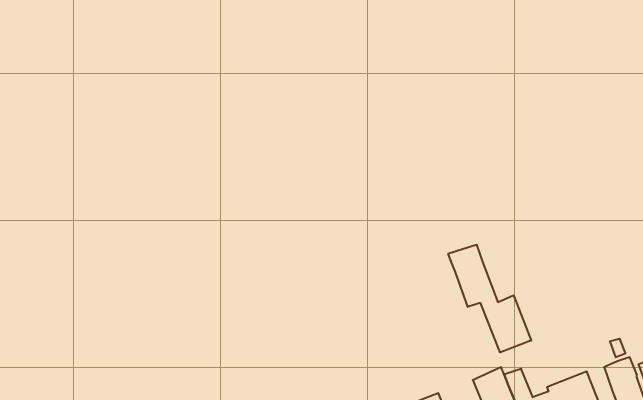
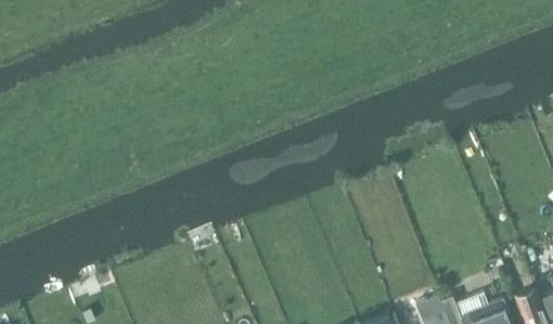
building: [448,245,531,352] -> none

